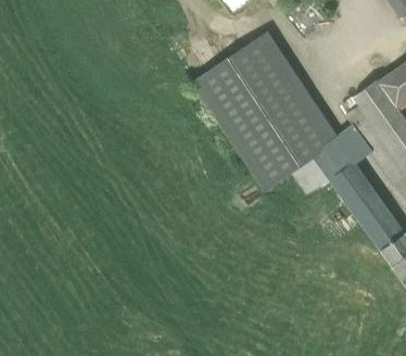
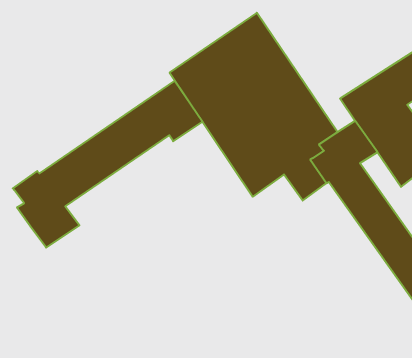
building: none -> [13,81,203,248]

